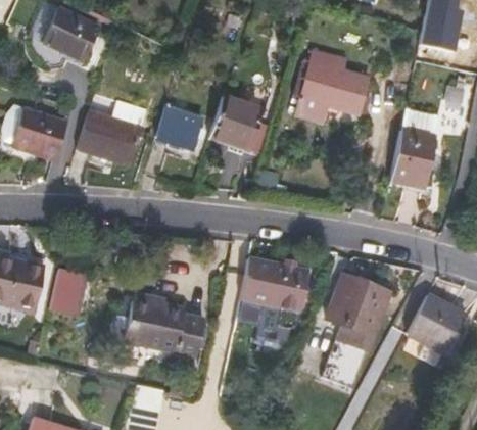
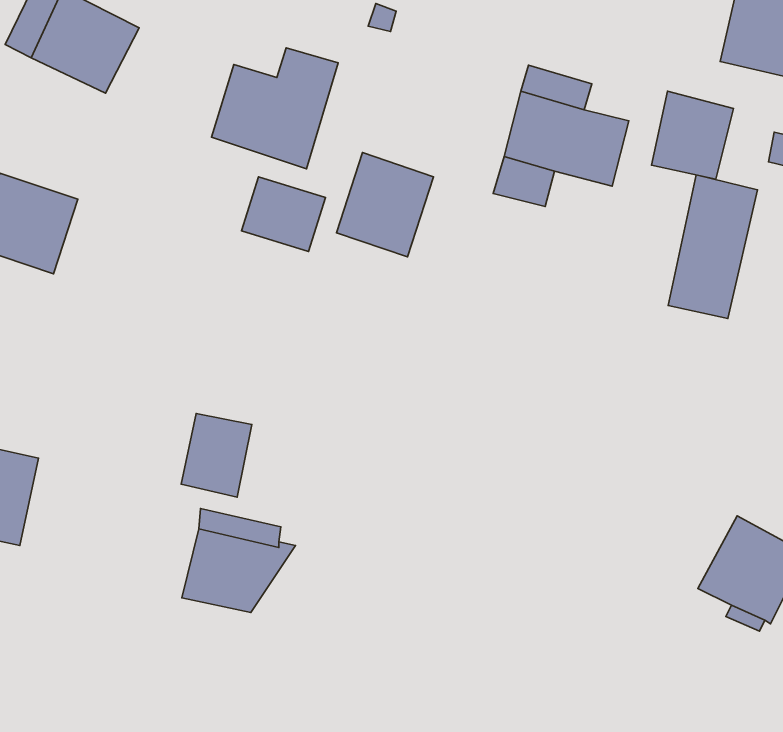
building: none -> [651,91,733,179]
building: [78,100,147,166] -> [212,48,338,169]
building: [241,256,311,339] -> none
building: [50,269,89,315] -> [181,413,252,497]
building: [327,274,390,350] -> none
building: [162,310,206,355] -> none

